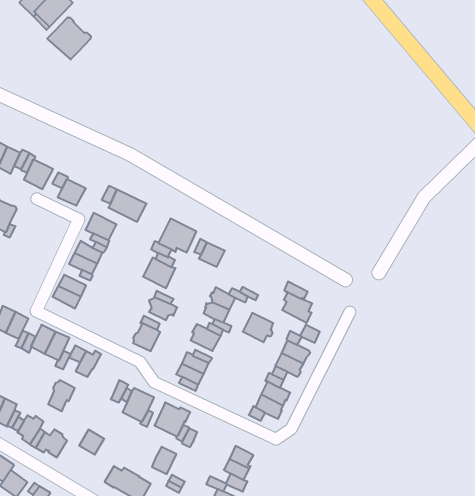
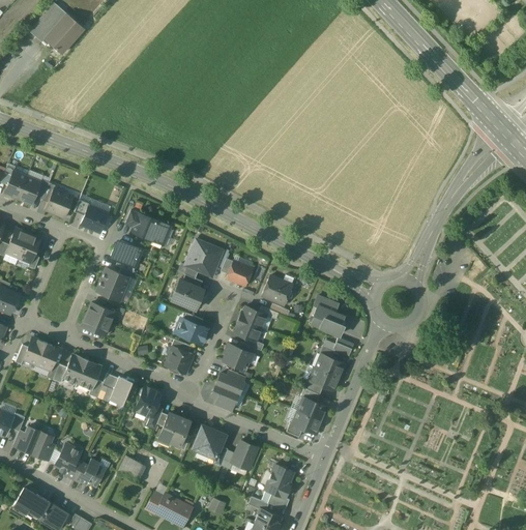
building: [47,17,91,60] -> none
building: [243,313,273,342] -> [262,275,292,304]
building: [48,380,75,411] -> [136,385,162,416]
building: [152,447,176,474] -> [233,441,257,468]

